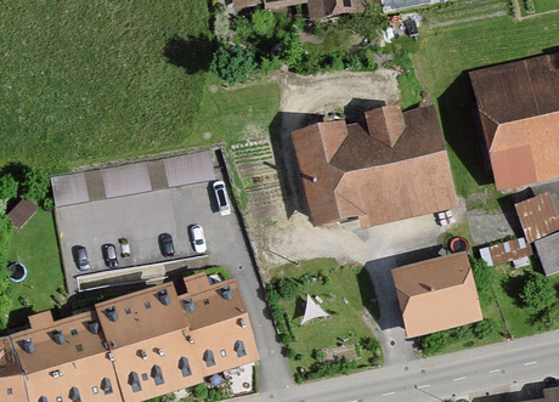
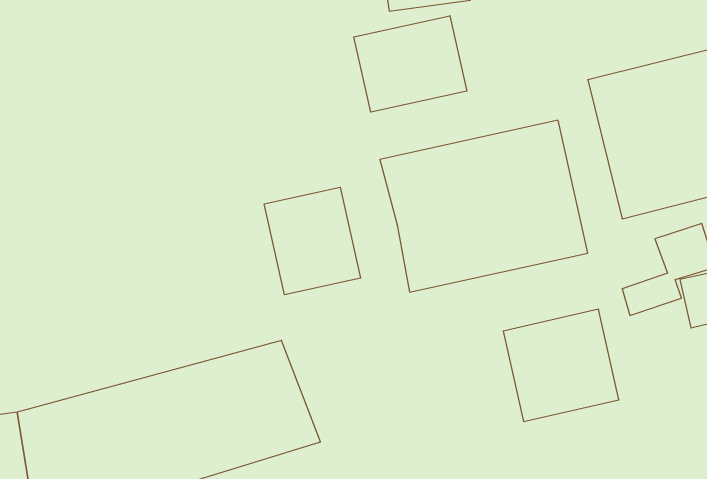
building: none -> [354,16,467,112]
building: none -> [264,187,361,295]

